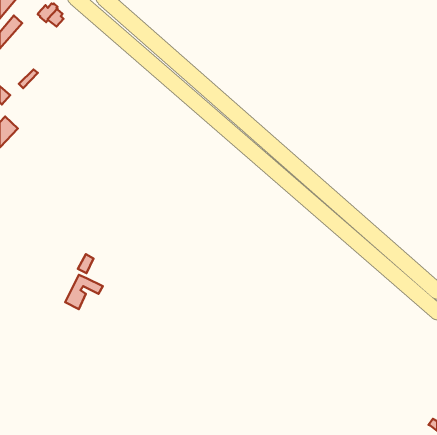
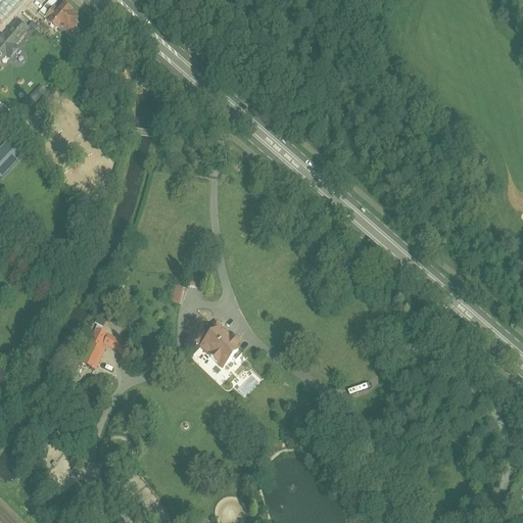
building: none -> [188,320,241,366]

